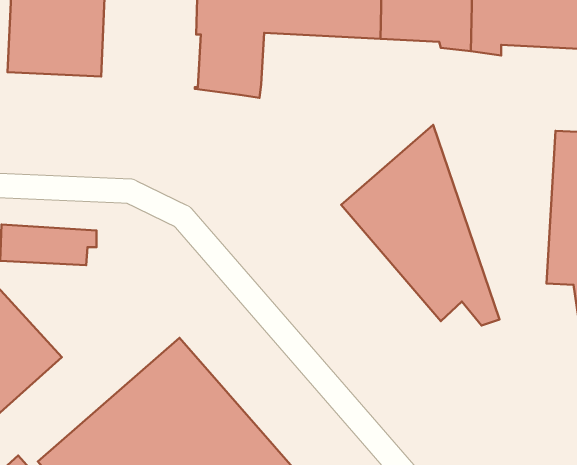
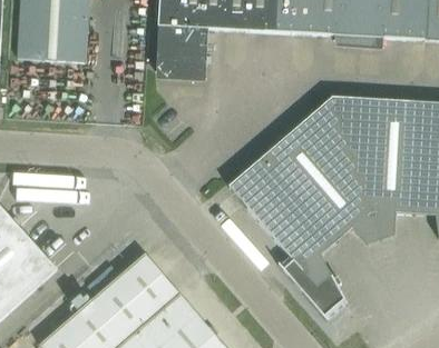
building: none -> [331,97,421,240]
building: none -> [228,156,347,321]

